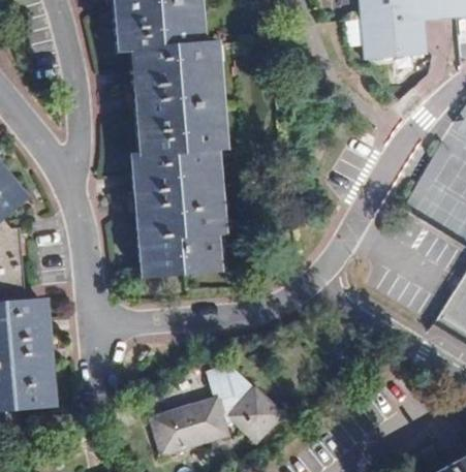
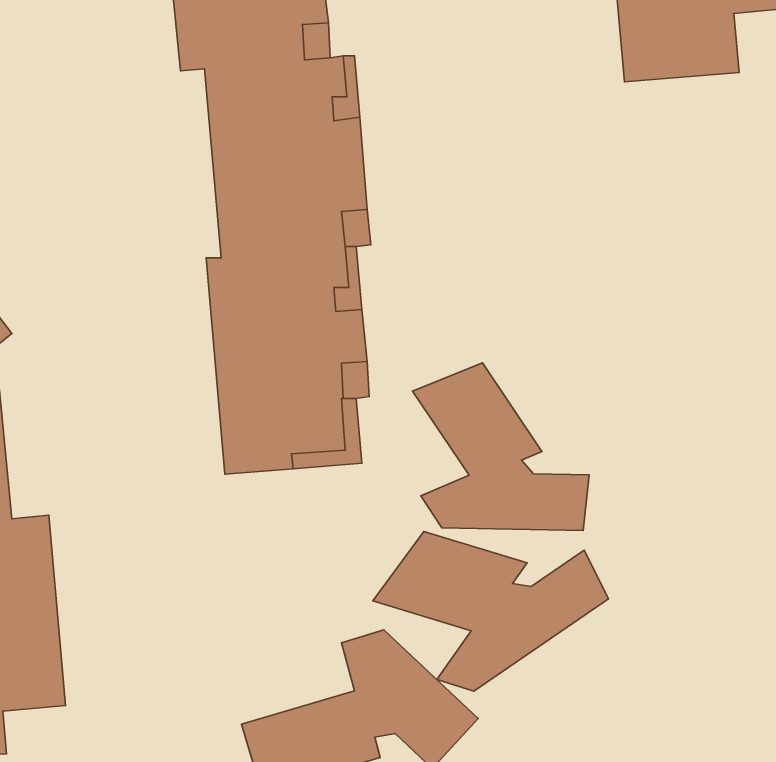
building: none -> [412,363,589,530]
building: none -> [373,531,608,691]

